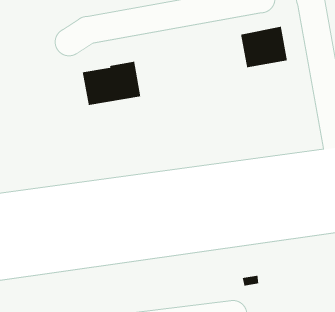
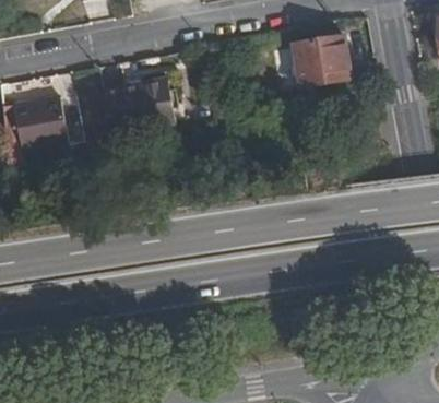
building: none -> [13,97,70,152]

